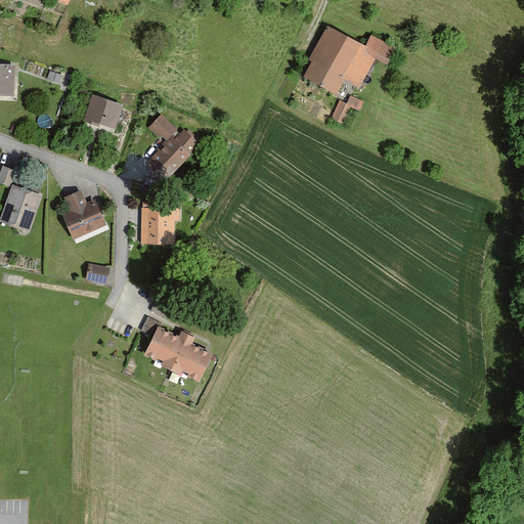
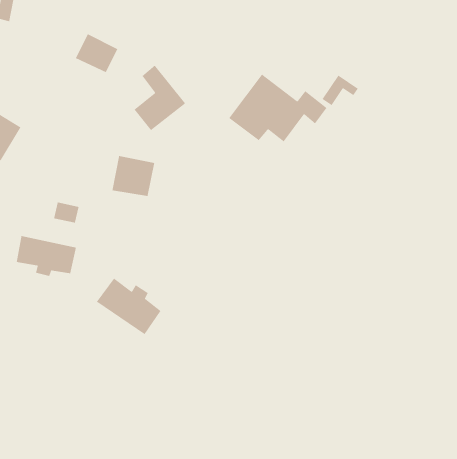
building: [300,26,395,92] -> [228,73,328,142]
building: [60,189,104,239] -> none
building: none -> [16,235,77,277]

